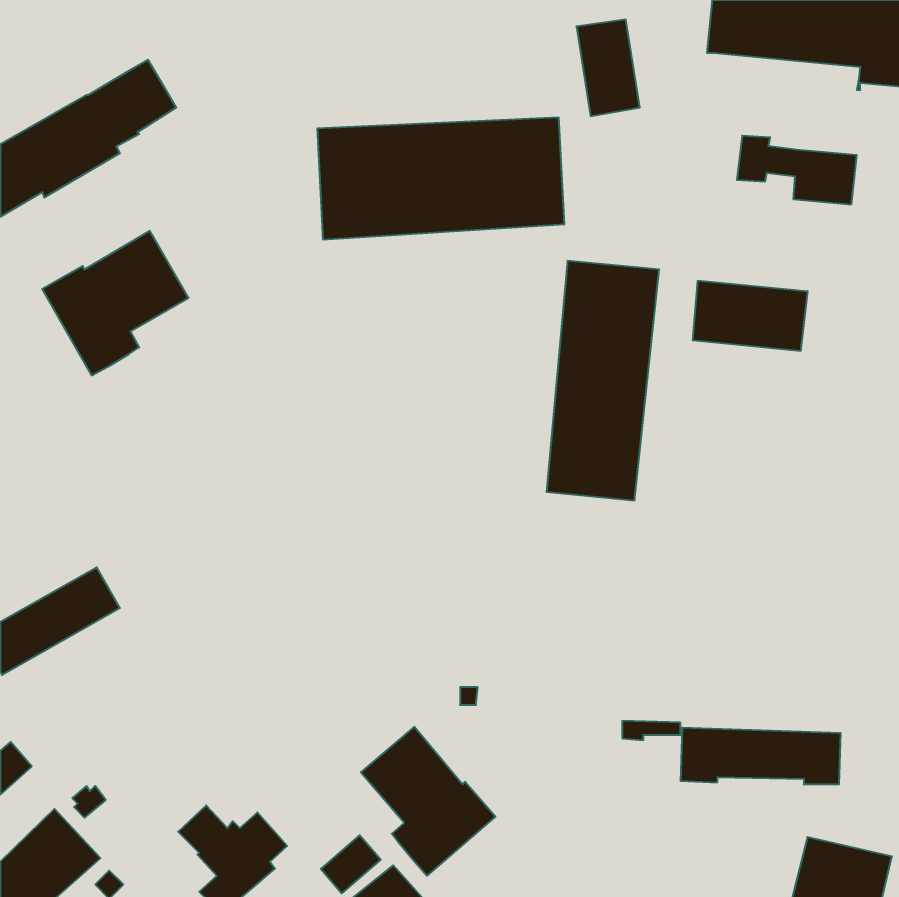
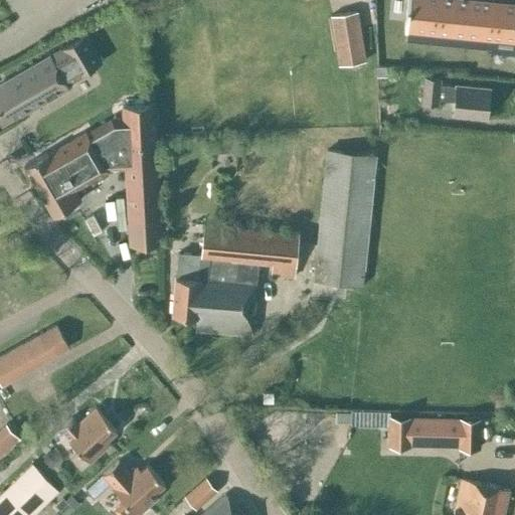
building: [317,117,564,240] -> none
building: none -> [87,107,160,246]
building: [693,281,808,351] -> none
building: none -> [172,225,299,337]
building: none -> [60,409,117,464]
building: [361,727,495,876] -> none

